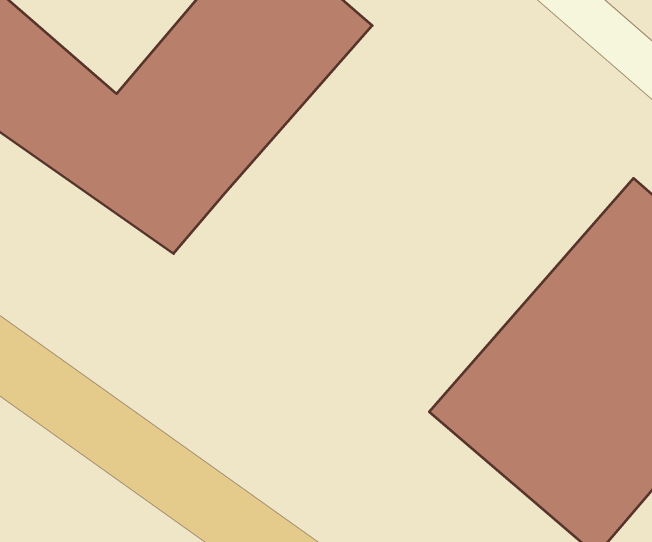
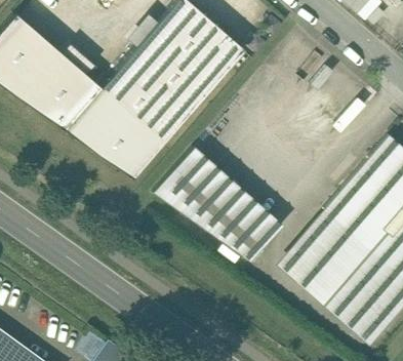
building: none -> [154,146,284,262]

